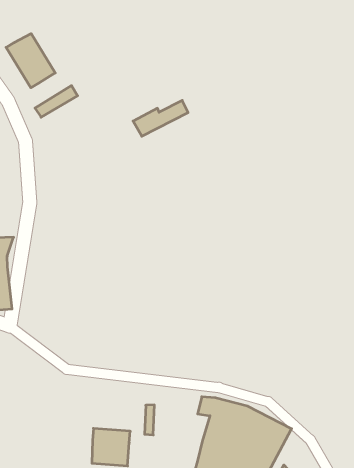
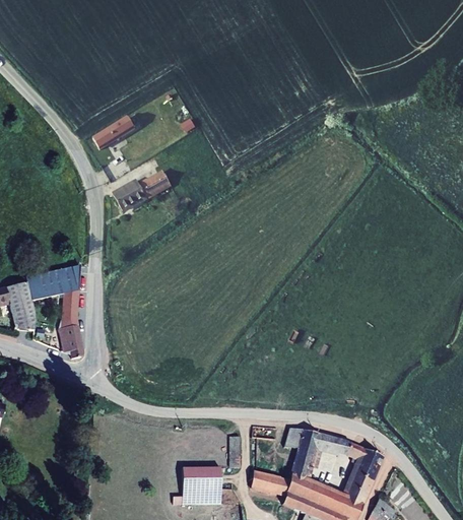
building: [6,34,55,88] -> none
building: [133,100,188,136] -> [115,170,172,210]
building: none -> [254,474,292,495]

